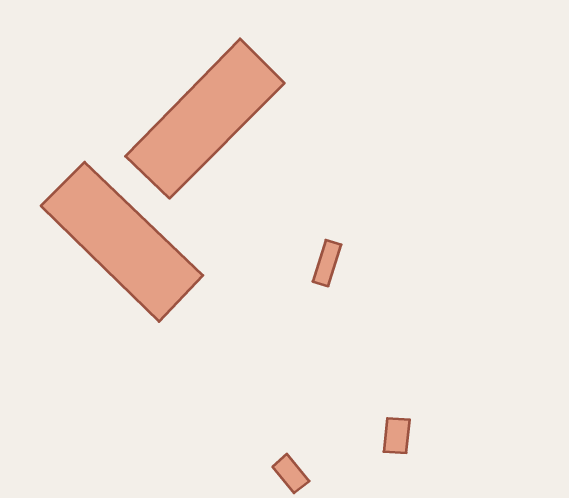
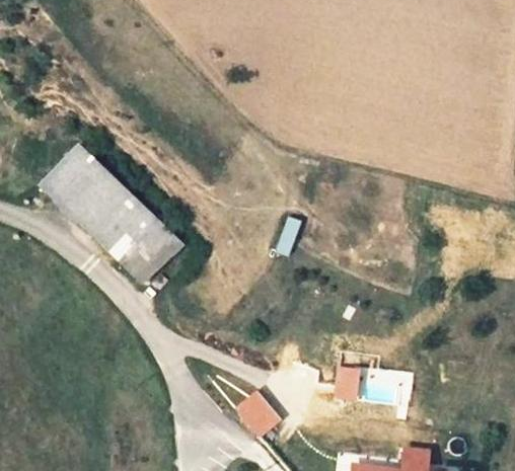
building: [125,39,284,198] -> none

